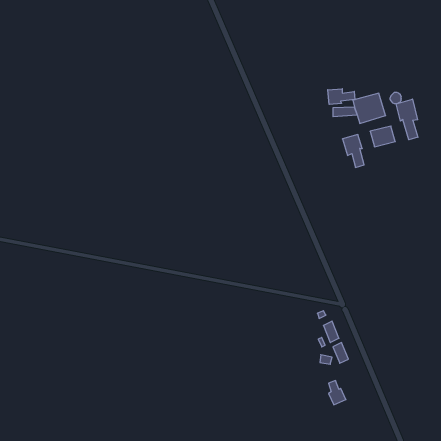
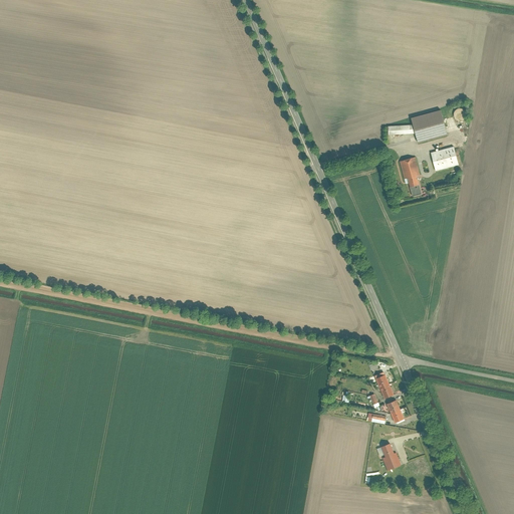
building: [328,89,355,104] -> none
building: [396,99,418,140] -> none

